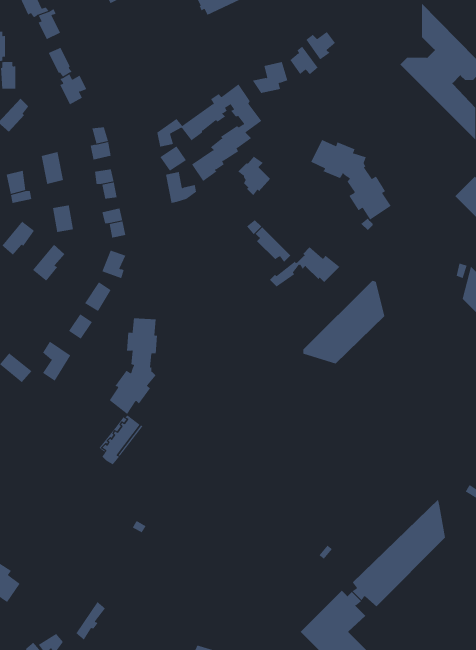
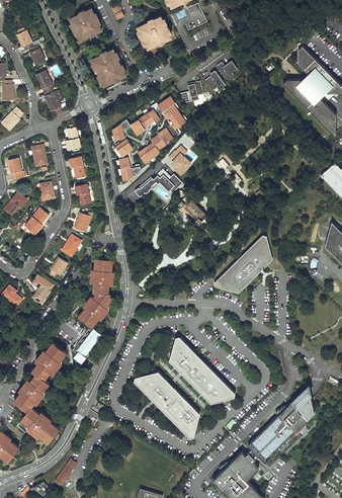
building: none -> [91,49,124,85]
building: [310,139,391,220] -> none
building: [269,247,340,287] -> [133,169,182,197]
building: none -> [168,335,234,402]
building: none -> [13,343,65,441]
building: none -> [133,370,198,437]

